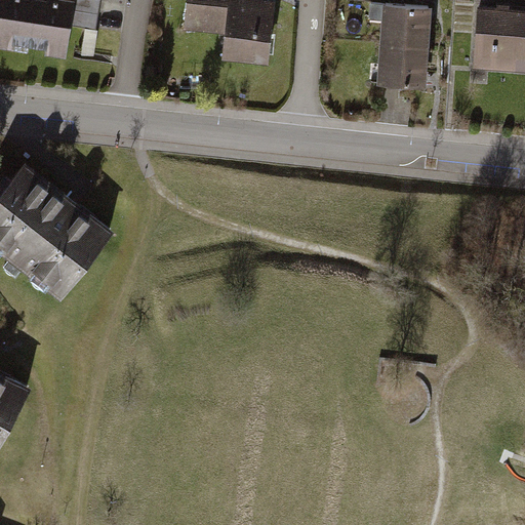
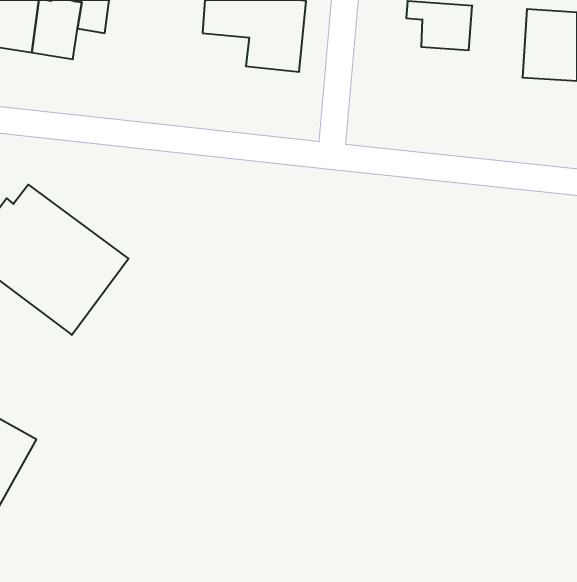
building: [377,42,422,84] -> none

